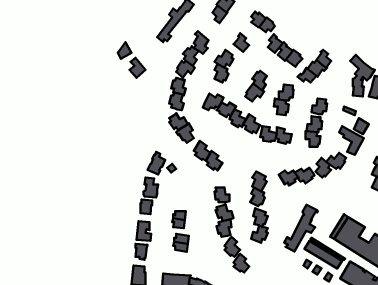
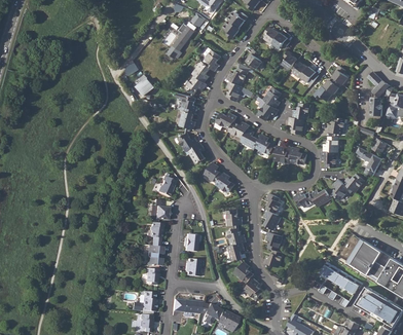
building: [284,205,318,252] -> none

